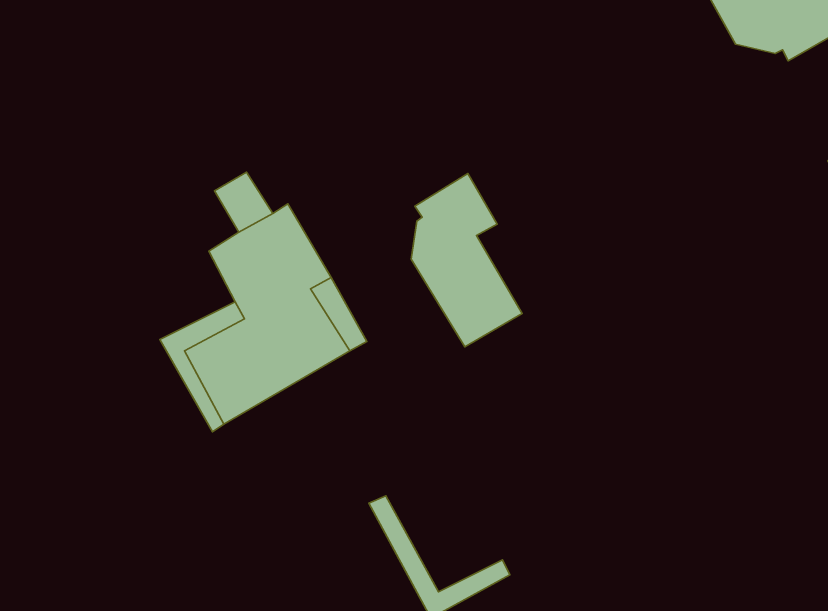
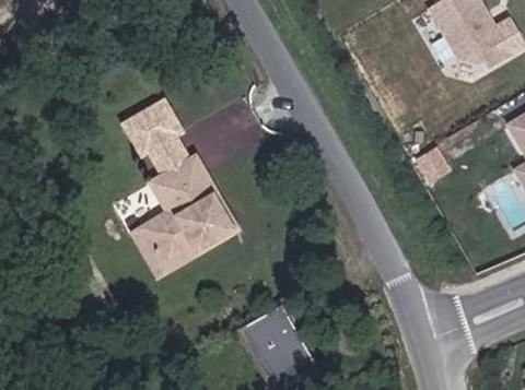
building: none -> [126,99,180,150]
building: [411,174,522,347] -> none
building: none -> [252,302,319,377]

